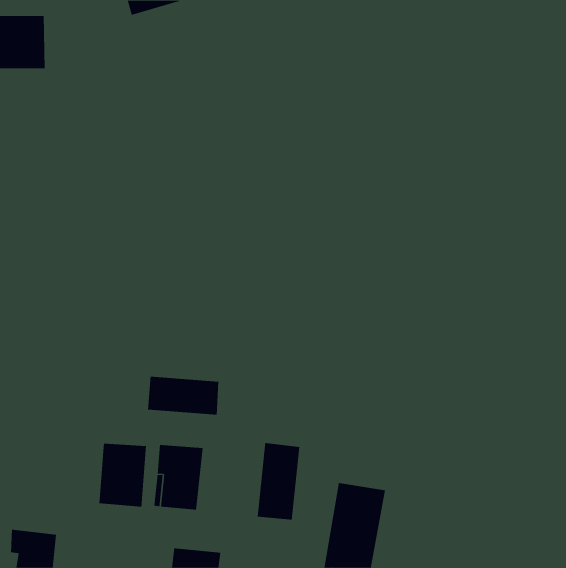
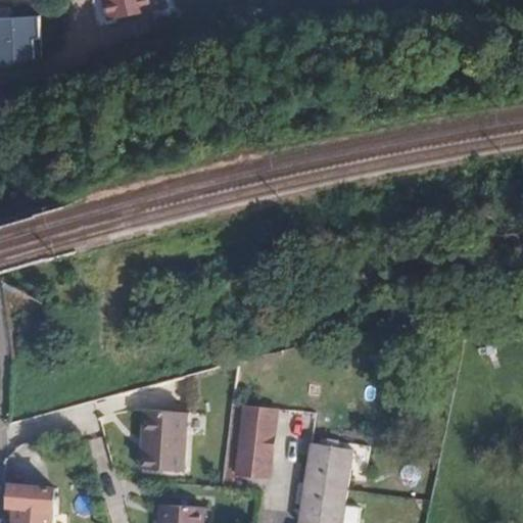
building: [147,376,219,416] -> none
building: [99,443,146,507] -> none

